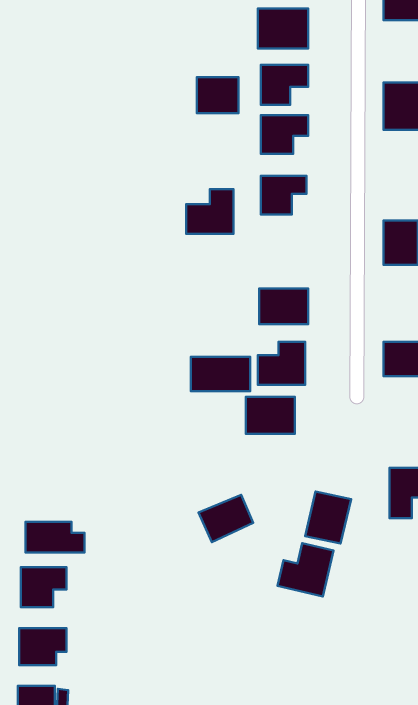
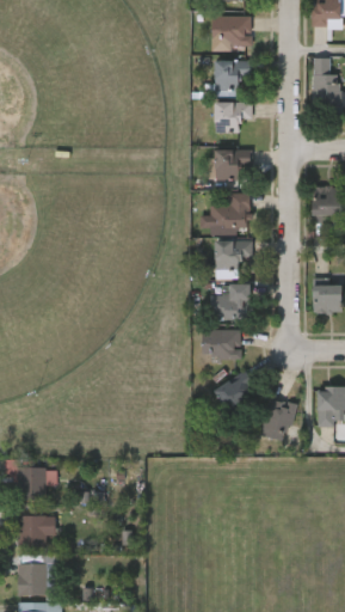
building: [197,77,239,113] -> none
building: [186,189,234,234] -> [211,192,249,228]
building: [191,357,250,391] -> none
building: [198,495,253,542] -> [214,373,258,411]
building: [26,522,84,553] -> none
building: [277,543,333,597] -> none

